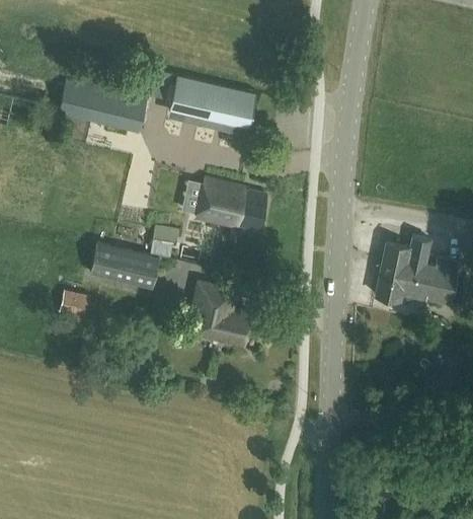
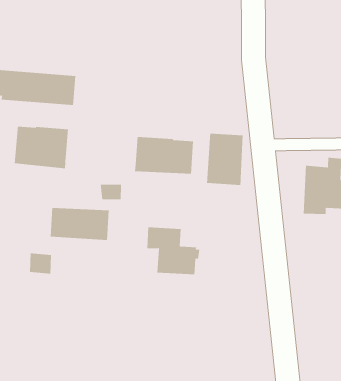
building: [169,75,256,128] -> none
building: none -> [14,126,68,169]
building: none -> [206,133,243,186]

